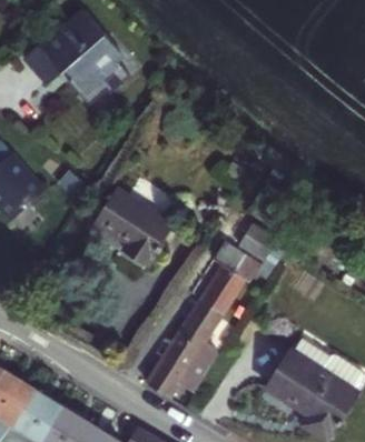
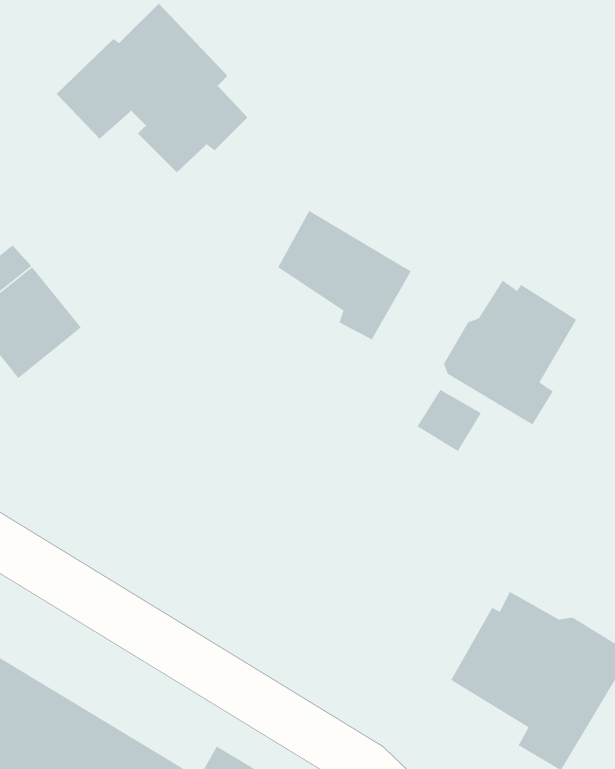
building: none -> [443,280,577,426]
building: [98,187,174,260] -> [277,210,412,341]
building: [148,241,260,395] -> none

